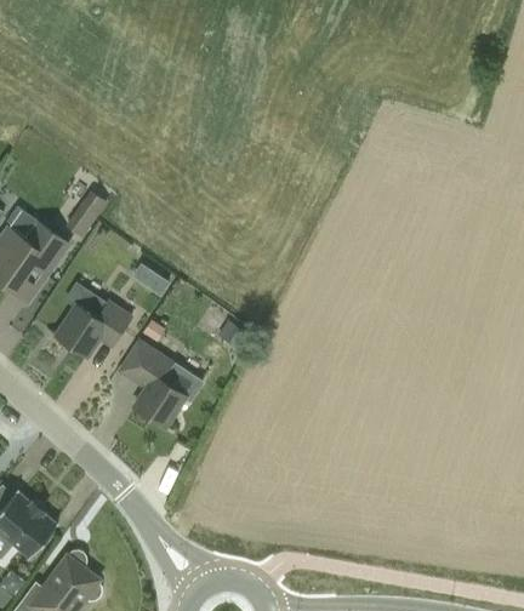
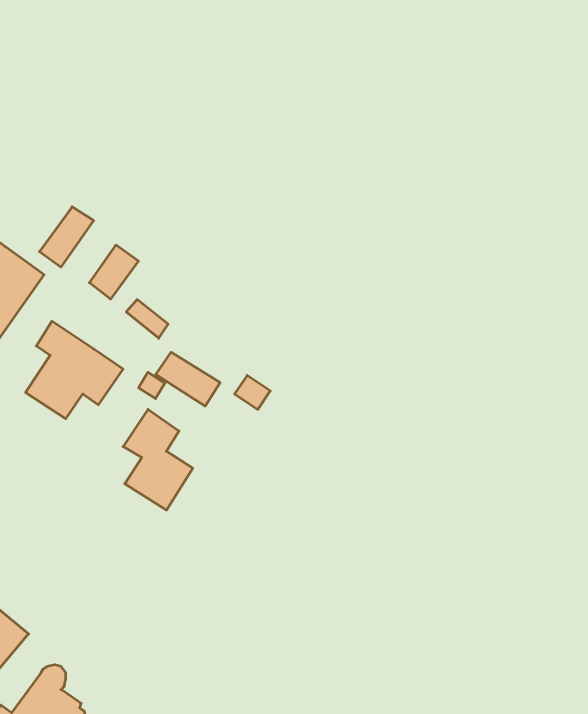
building: none -> [89,245,138,299]
building: none -> [156,352,220,406]

